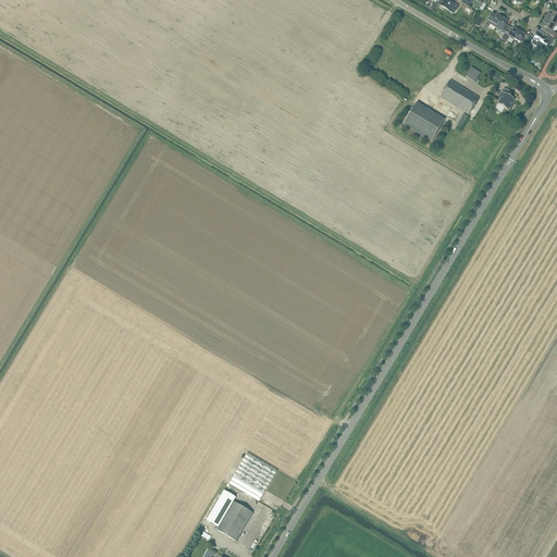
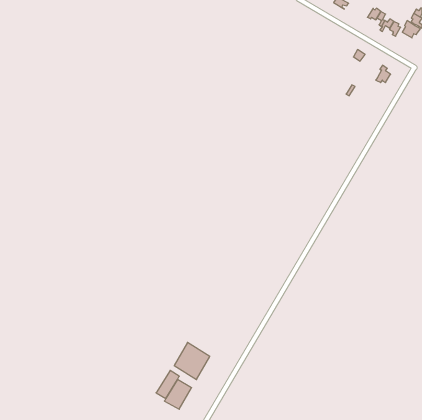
building: [440,79,478,112] -> none
building: [403,101,444,140] -> none

